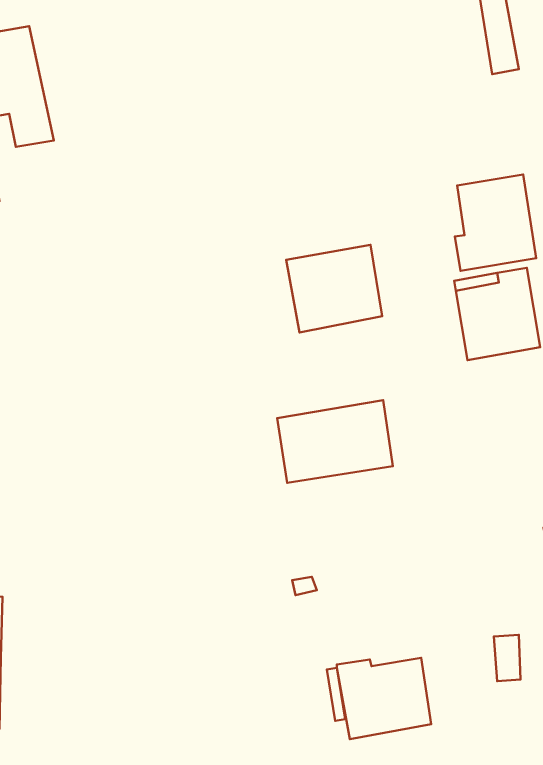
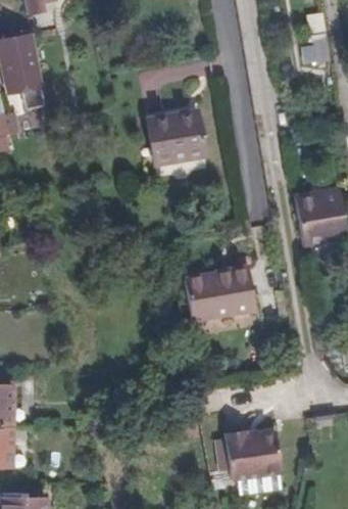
building: [455,174,536,271] -> none
building: [286,245,382,333] -> [146,111,205,166]

